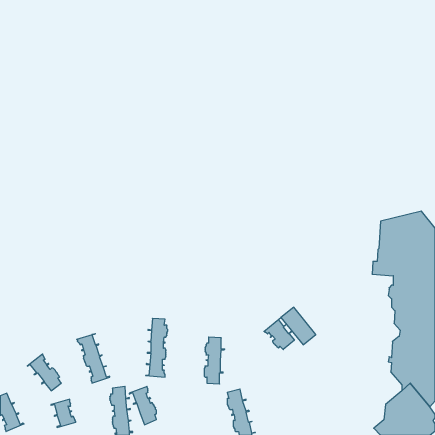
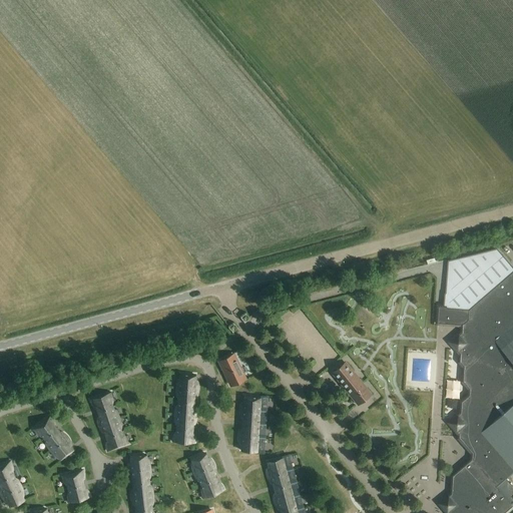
building: none -> [219,355,244,386]
building: [264,318,294,350] -> none
building: [129,386,156,425] -> [187,453,219,498]

